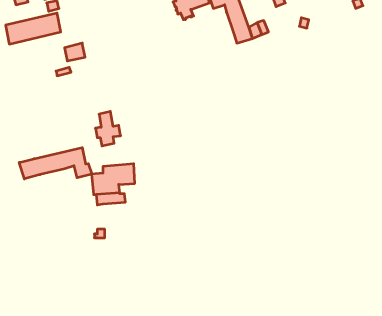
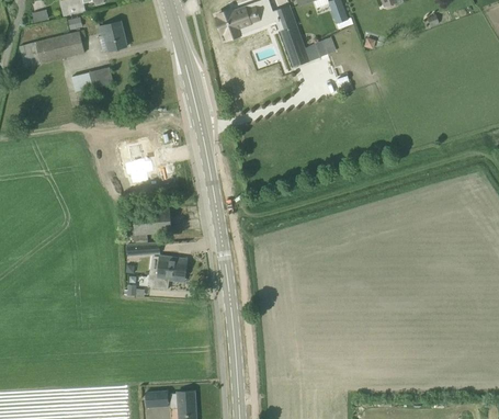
building: none -> [99,21,127,52]
building: [19,148,92,179] -> none
building: none -> [148,256,188,288]

